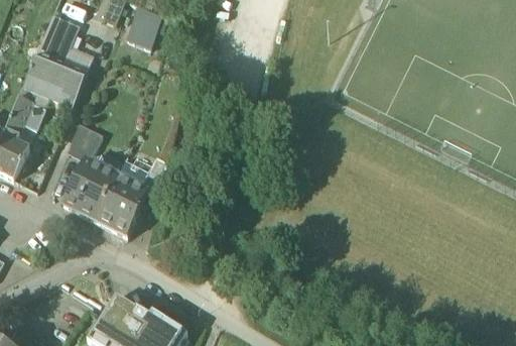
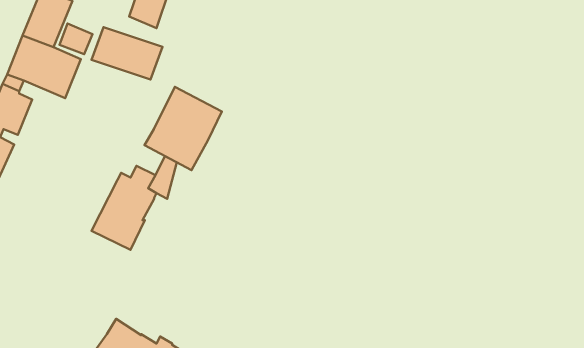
building: none -> [92,27,162,79]
building: none -> [145,87,222,170]
building: [70,122,103,156] -> none
building: [62,160,117,220] -> none

